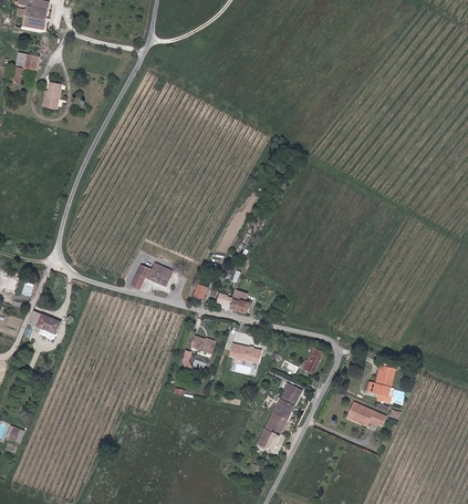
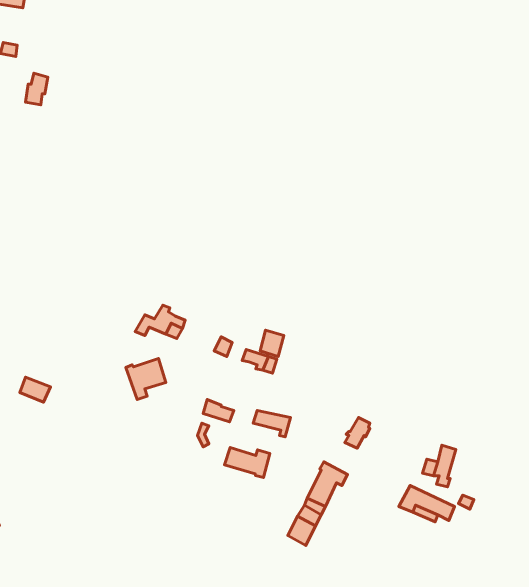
building: none -> [126,358,166,400]
building: none -> [224,447,270,477]

